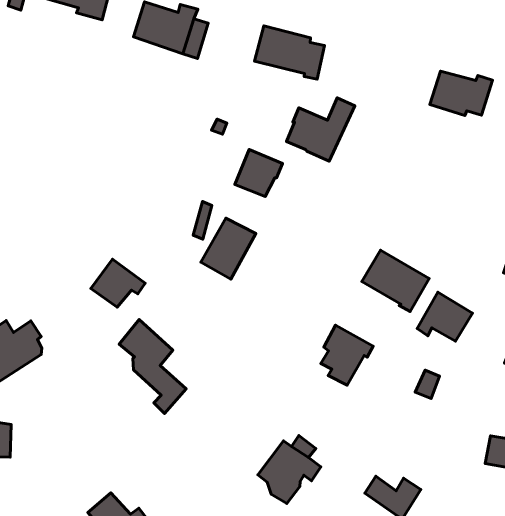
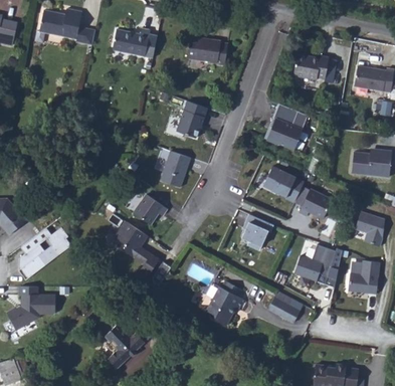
building: [286,98,355,161] -> [269,105,310,144]
building: [91,259,145,307] -> [136,198,169,227]
building: none -> [293,242,335,278]

